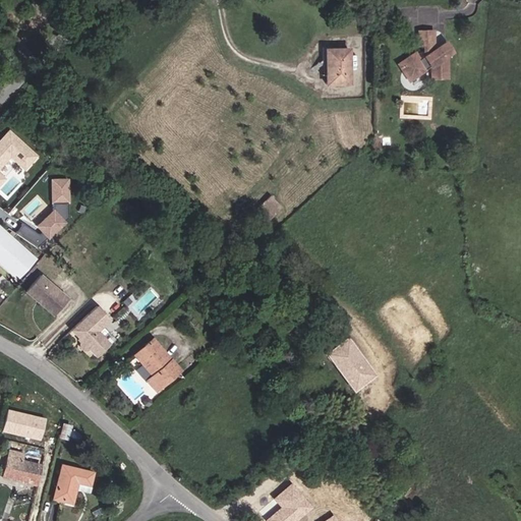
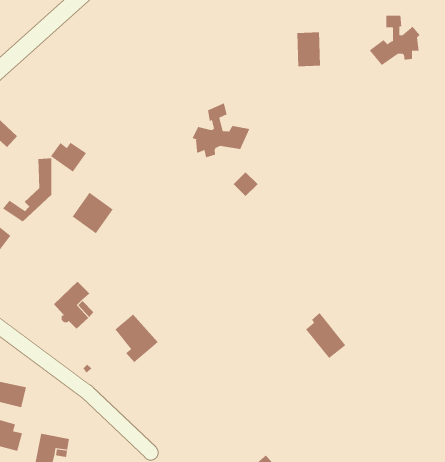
building: none -> [192,102,250,158]
building: none -> [50,142,87,172]
building: none -> [72,192,114,234]
building: [24,276,66,315] -> none

